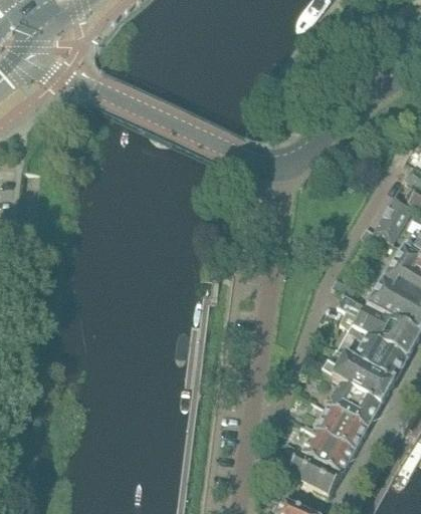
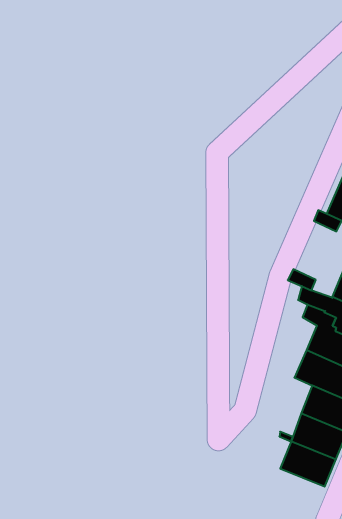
building: [287,452,340,495] -> none

